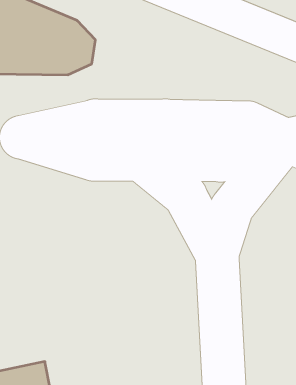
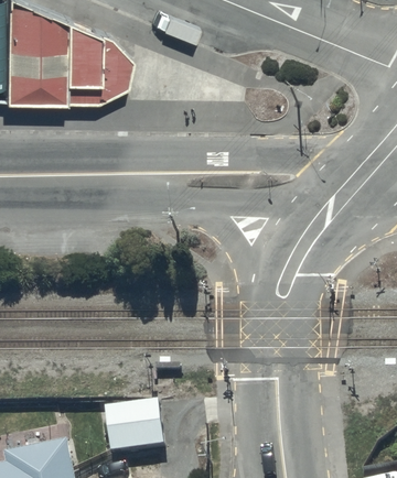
building: none -> [101,389,161,459]

